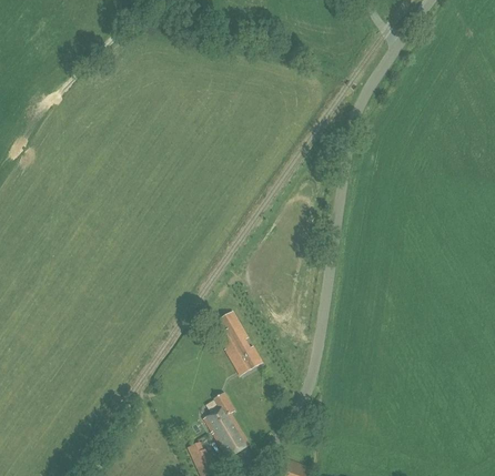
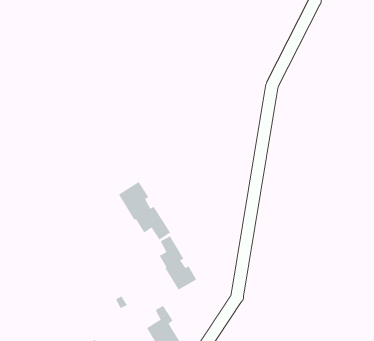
building: none -> [118,181,171,240]

